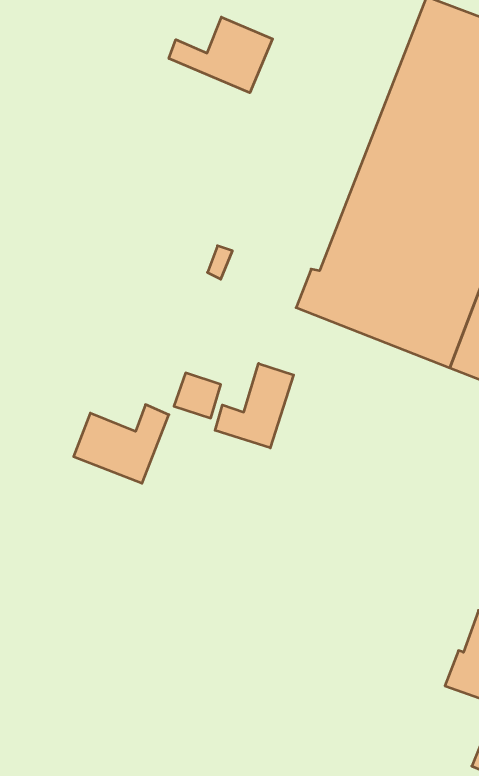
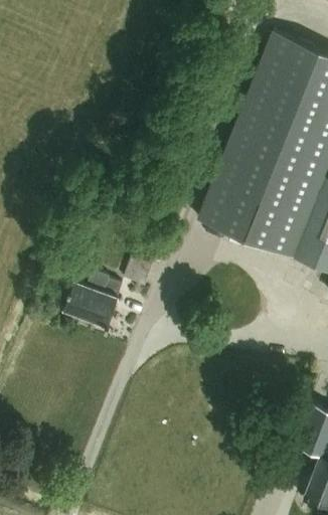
building: [169,17,273,93] -> none
building: [215,363,294,448] -> none

